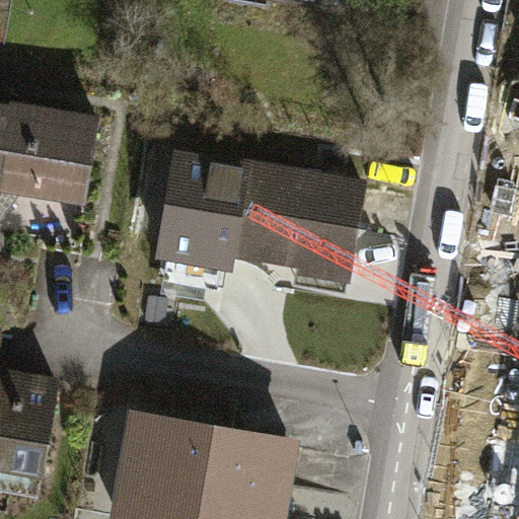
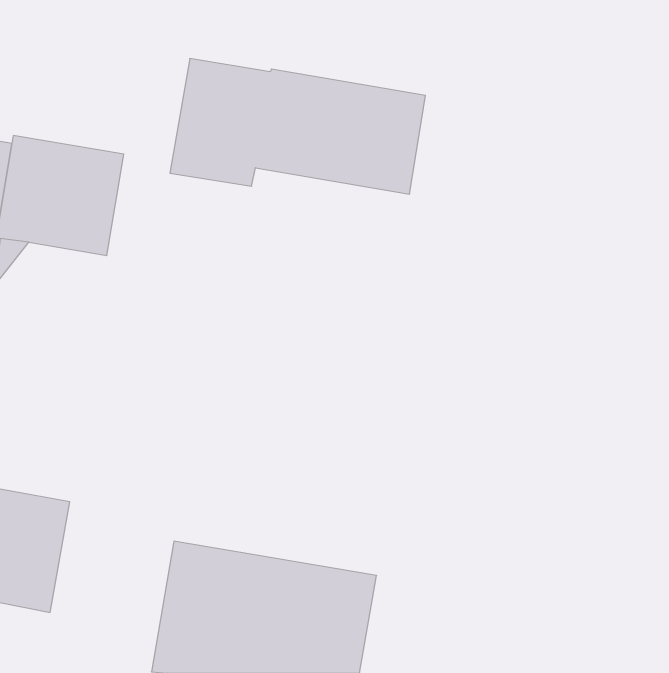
building: [163,160,360,265] -> [170,59,425,194]

